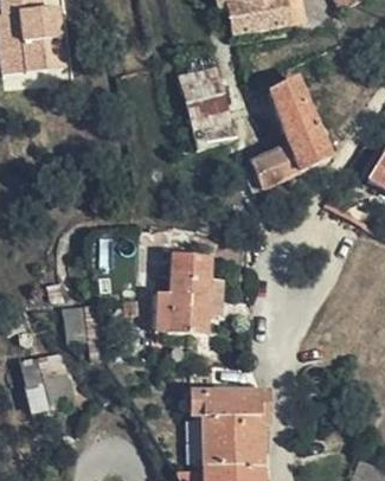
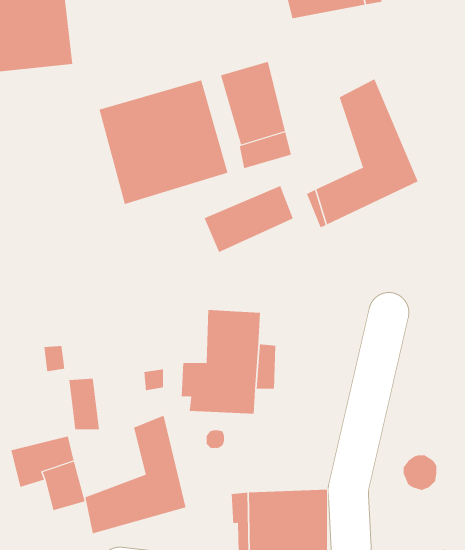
building: none -> [99,79,228,205]
building: none -> [204,185,294,253]
building: none -> [85,415,186,534]

